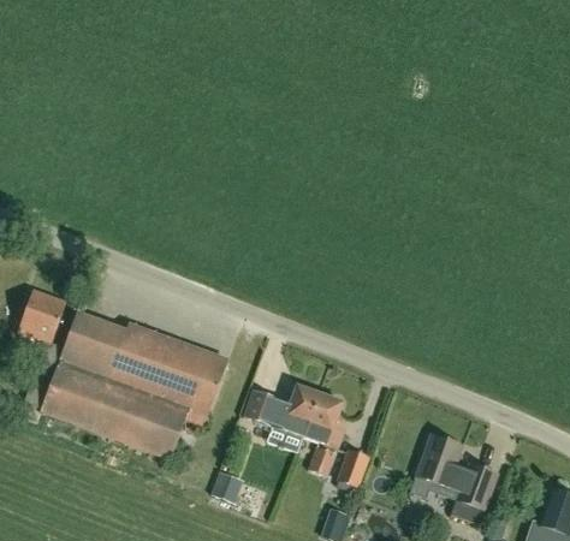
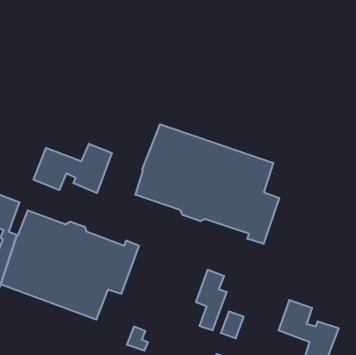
building: none -> [135,124,279,244]
building: none -> [34,144,112,193]
building: [244,385,320,435] -> none

